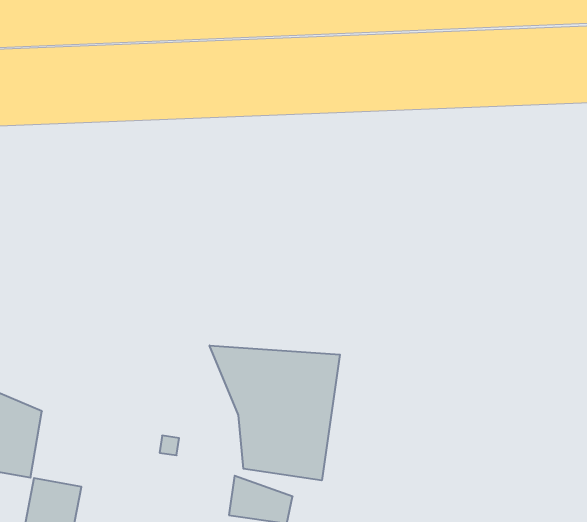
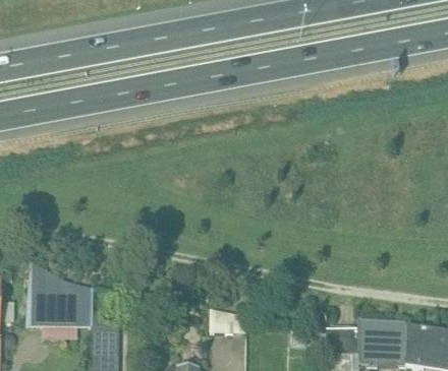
building: [210,345,340,480] -> none

